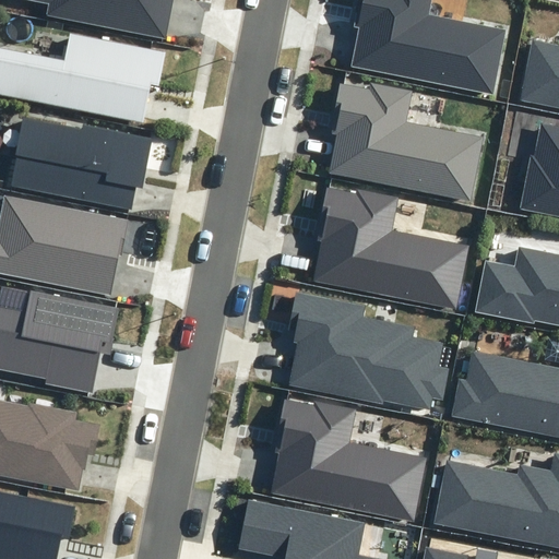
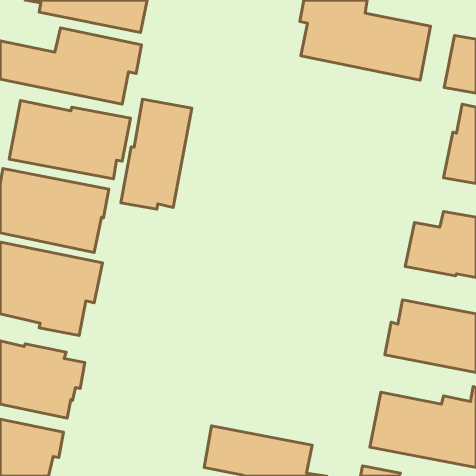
building: [329,80,484,202] -> none
building: none -> [121,99,192,209]
building: [316,186,467,308] -> none
building: [287,289,449,408] -> none
building: [272,399,426,520] -> none

